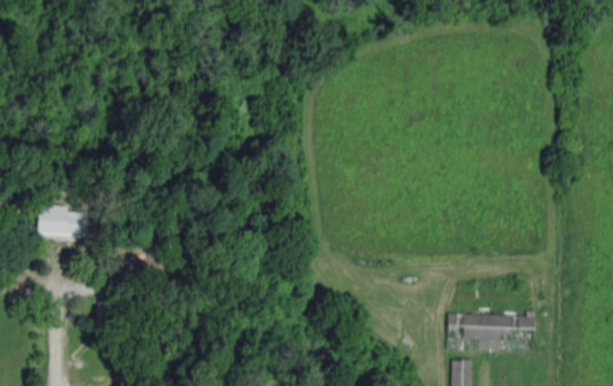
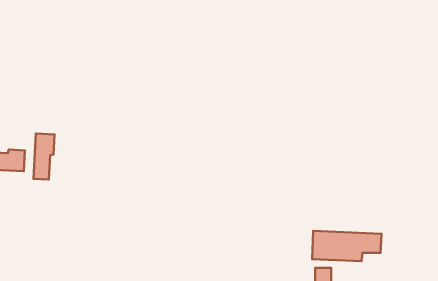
building: none -> [33,134,55,180]

